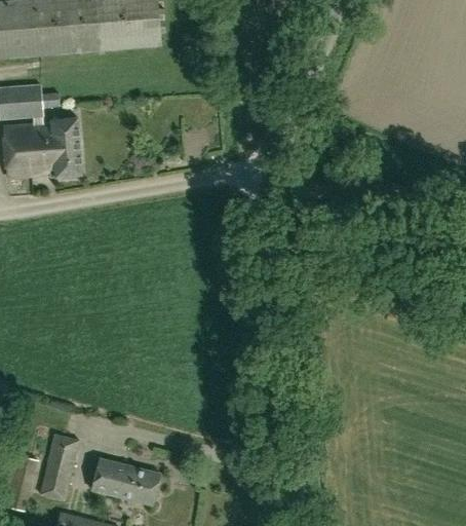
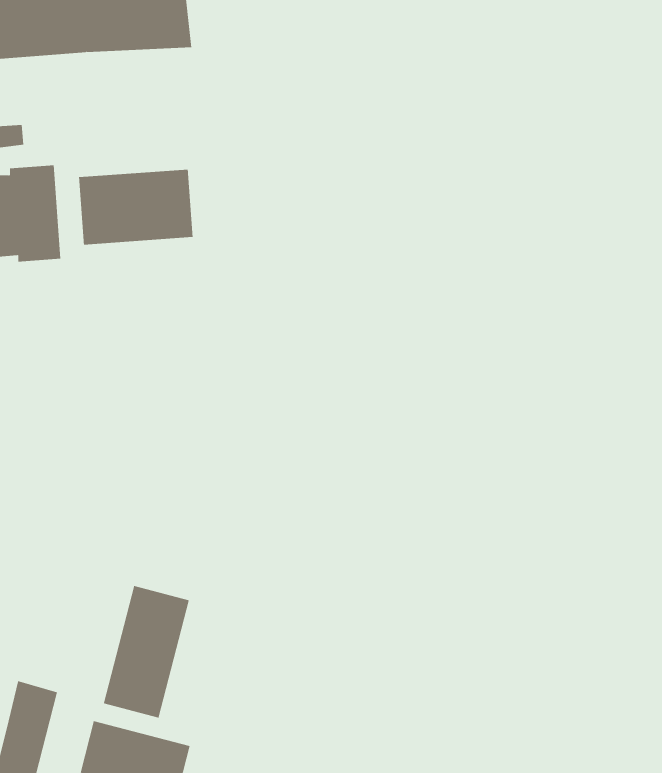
building: none -> [79,169,193,245]
building: none -> [103,585,190,718]

